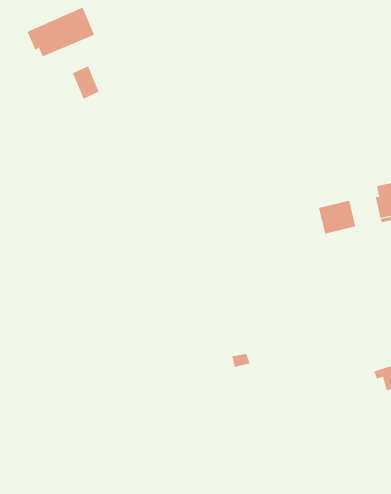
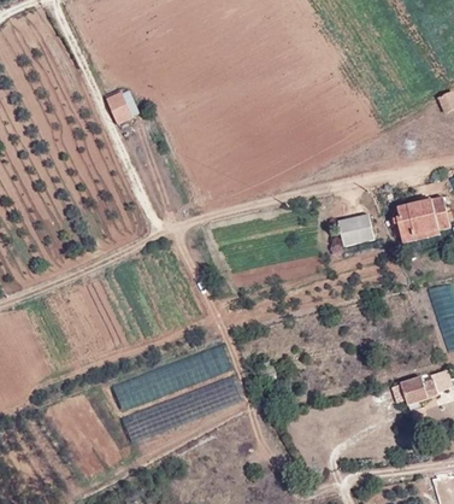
building: [27,7,95,57] -> none

